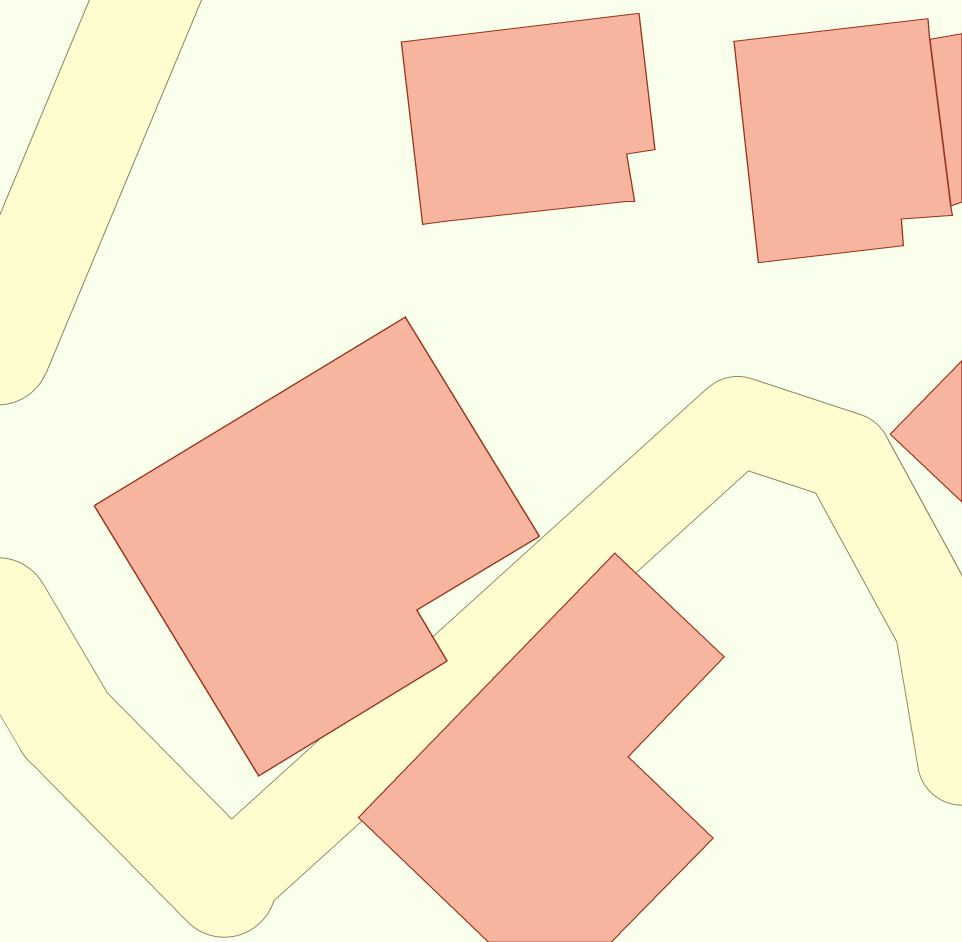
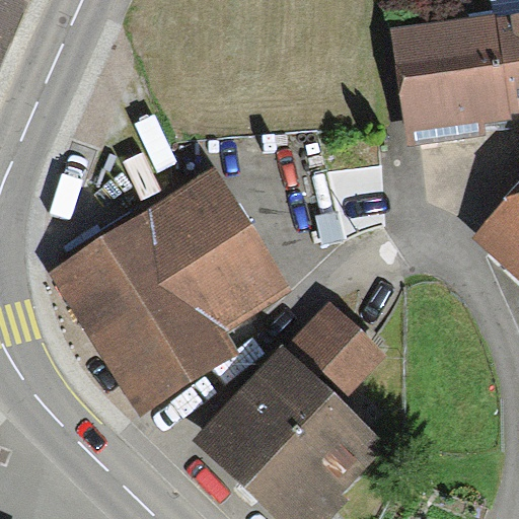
building: [401,13,655,225] -> none

